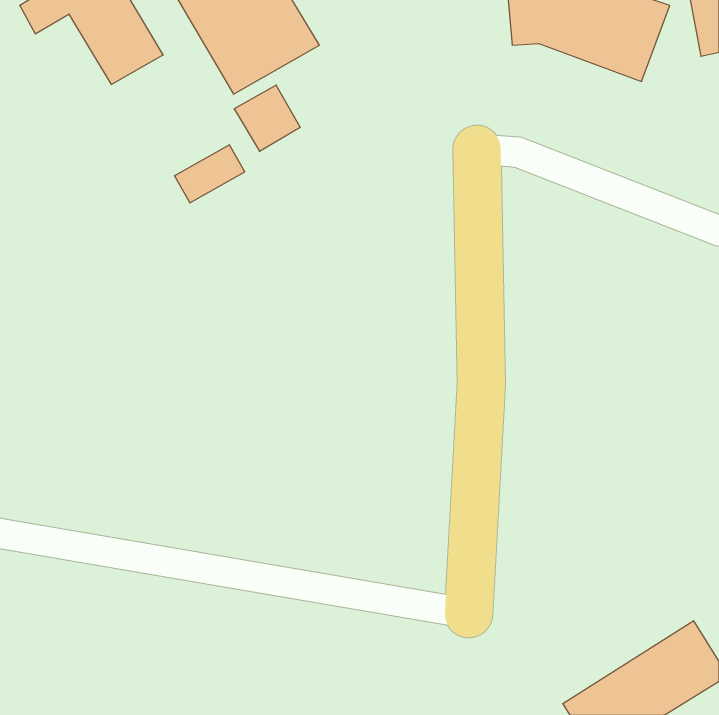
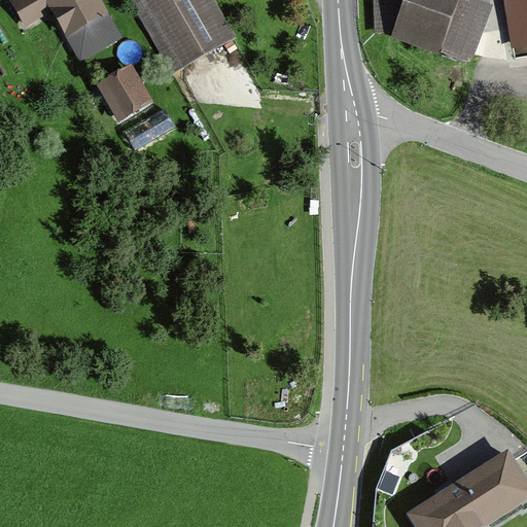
building: [234,85,300,151] -> [102,74,150,122]

